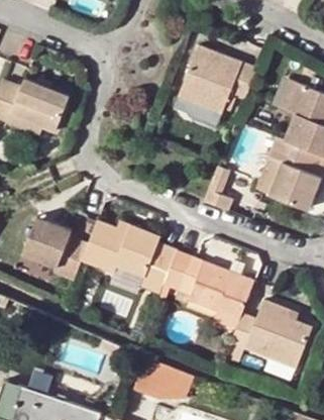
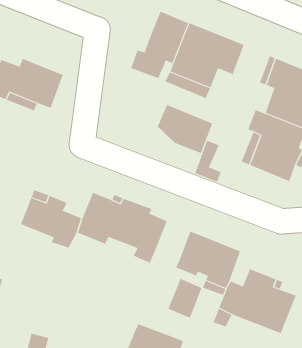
building: none -> [130,11,189,79]
building: none -> [157,104,213,154]
building: [165,250,201,293] -> [168,278,202,319]

